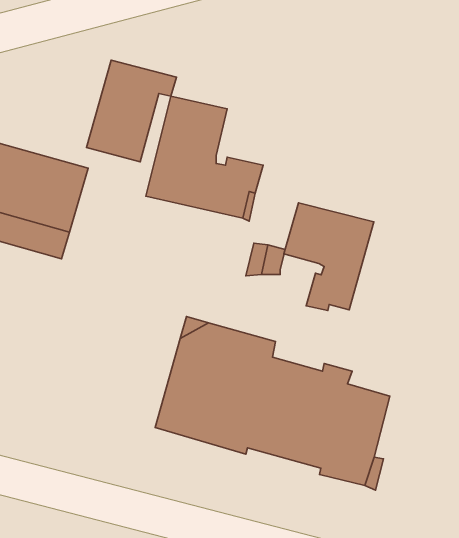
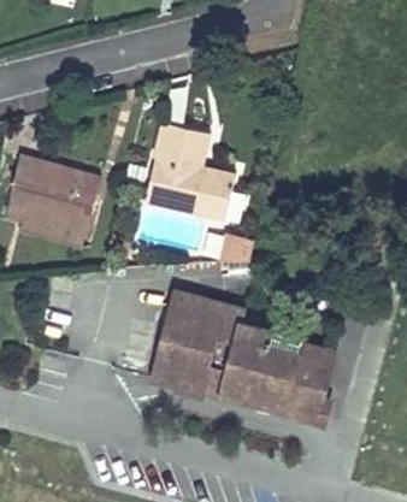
building: [87,60,177,162] -> none
building: [284,203,374,310] -> none

